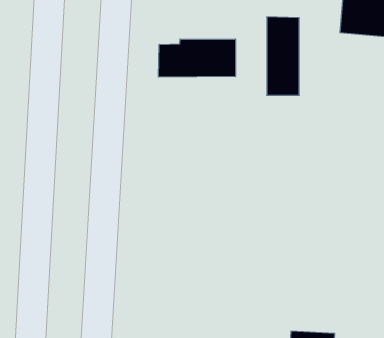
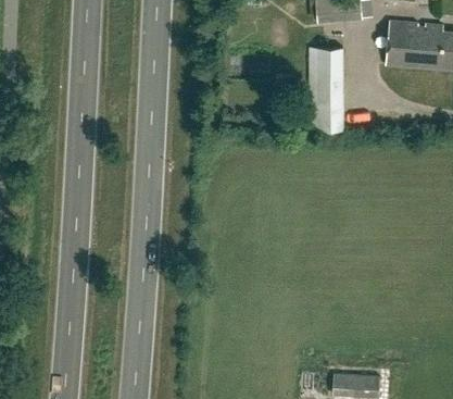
building: [158,39,236,77] -> none

